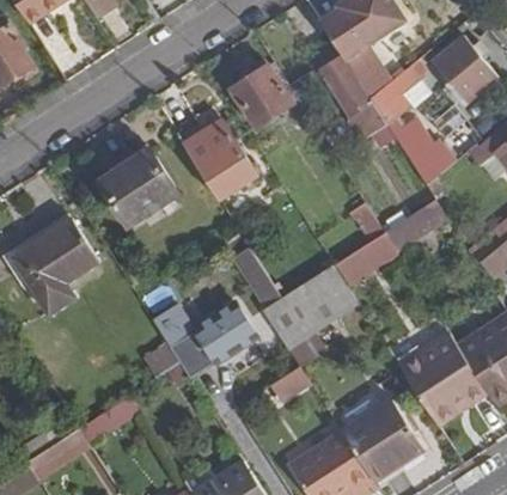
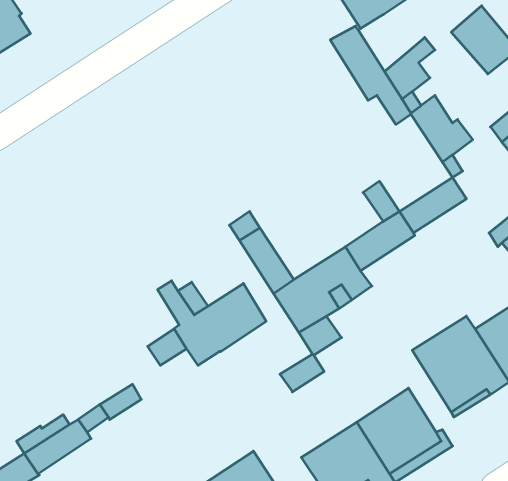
building: [343,44,390,98] -> none
building: [230,65,293,127] -> none
building: [184,120,256,198] -> none
building: [99,147,178,225] -> none
building: [10,219,98,314] -> none

